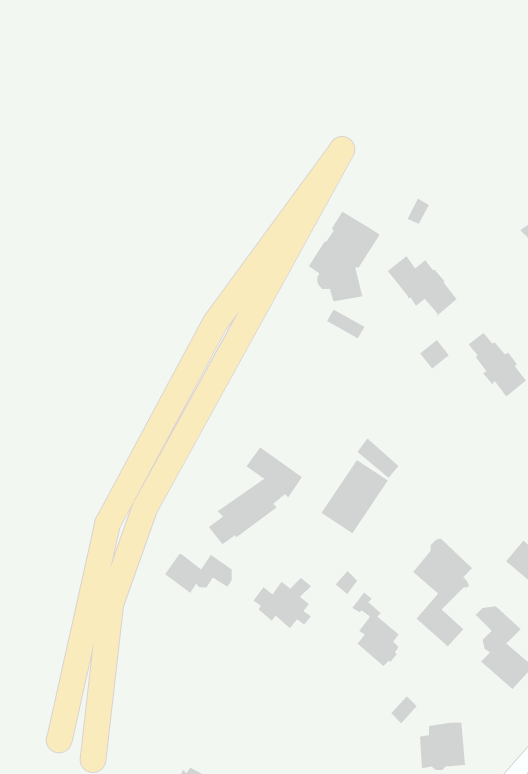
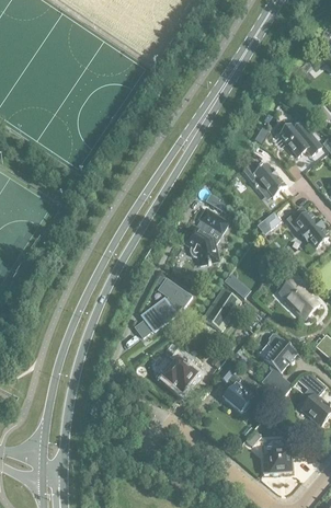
building: none -> [279,124,320,155]
building: [308,211,381,302] -> [184,208,229,264]
building: none -> [278,278,319,319]
building: [164,553,232,594] -> none

